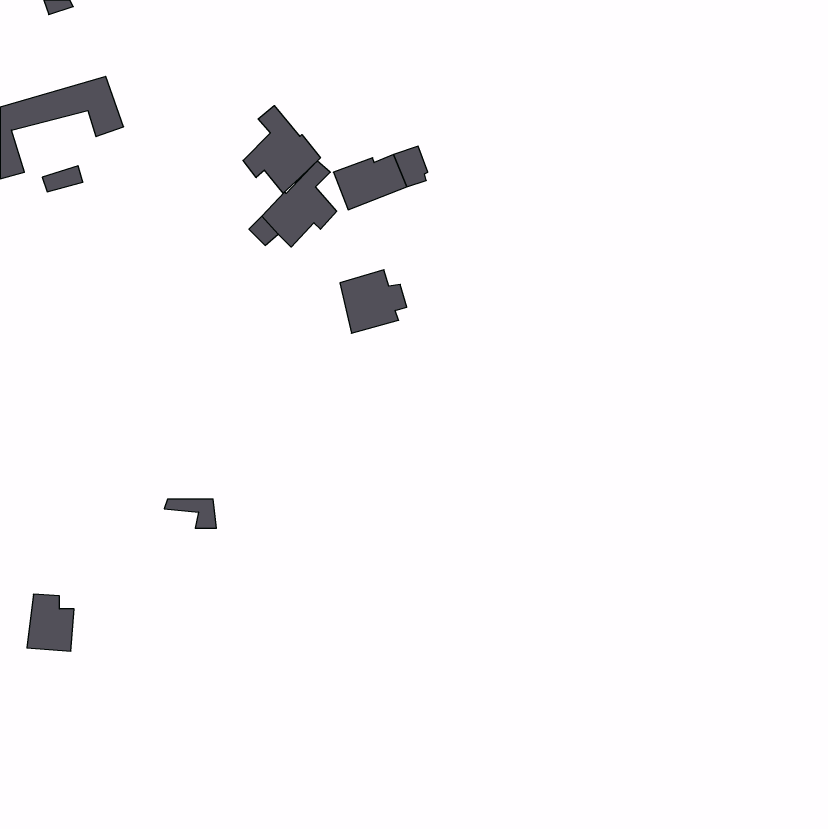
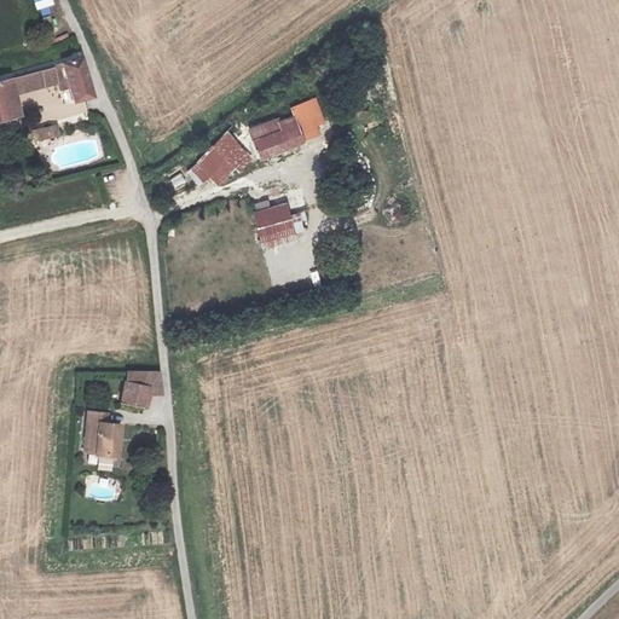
building: [243,106,320,193] -> none
building: none -> [120,380,150,406]
building: [27,594,74,651] -> [85,412,120,455]

